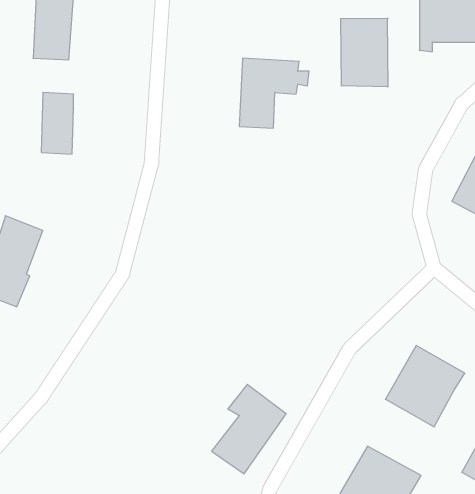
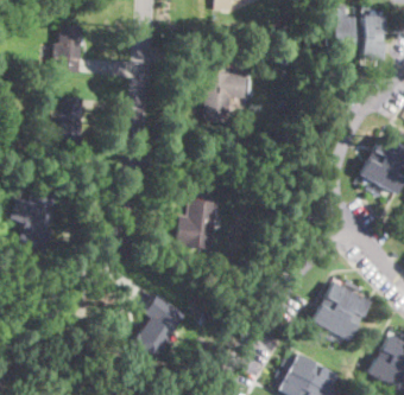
building: [341,18,388,87] -> none
building: none -> [176,199,220,250]
building: [212,385,286,474] -> [134,293,189,358]

